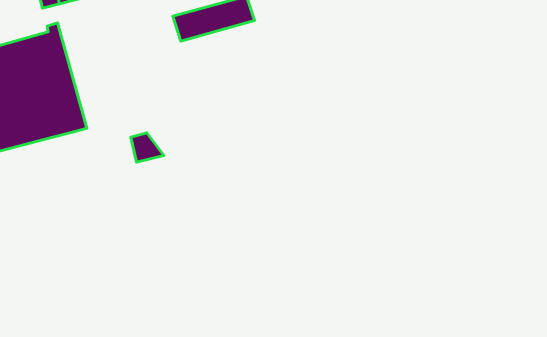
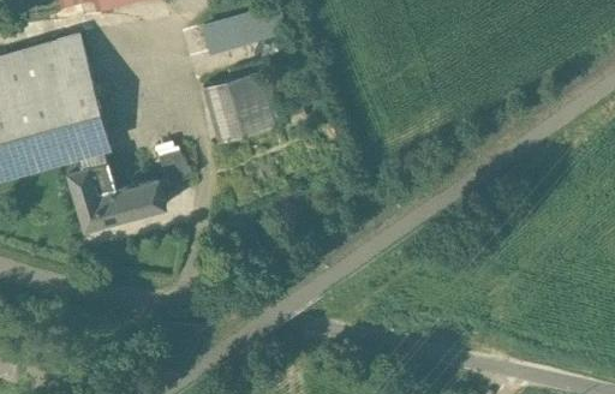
building: none -> [203,68,280,141]
building: none -> [65,148,163,226]

